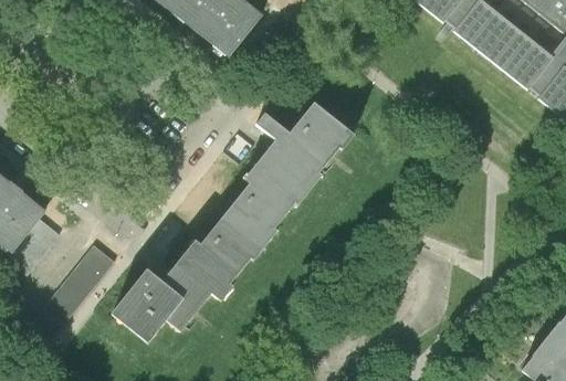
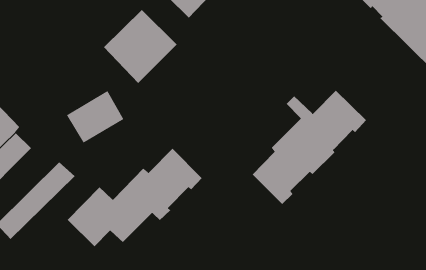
building: none -> [103,9,178,84]
building: [227,102,356,245] -> [252,90,367,205]
building: none -> [66,90,124,144]

